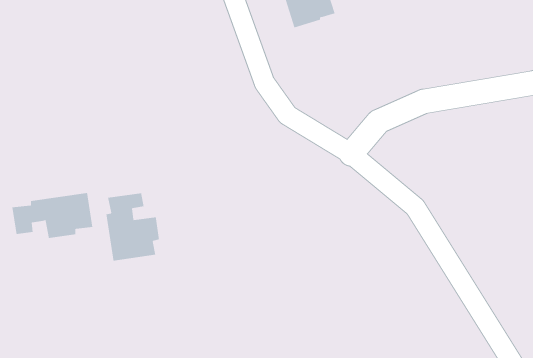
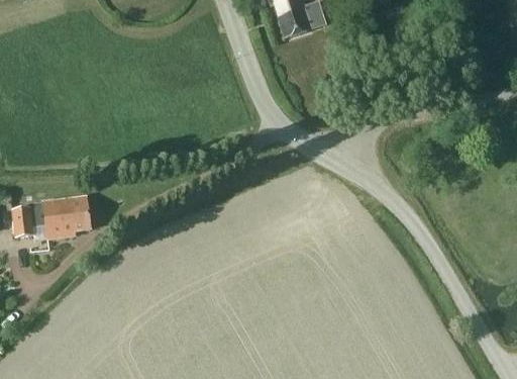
building: [106,192,159,261] -> none

